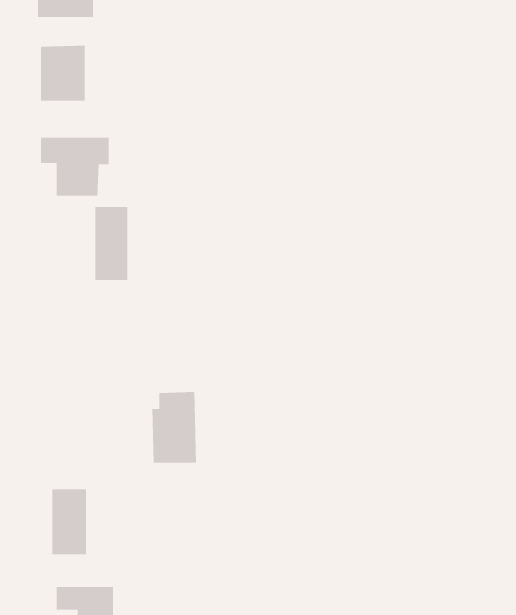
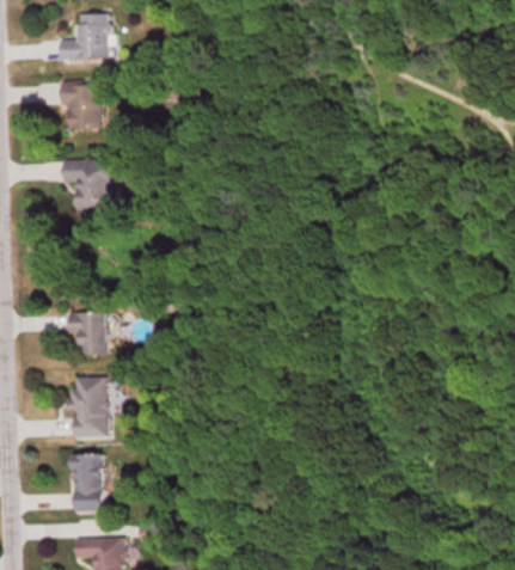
building: [94,206,128,281] -> none
building: none -> [68,312,105,355]
building: [151,391,197,463] -> [69,376,108,437]

